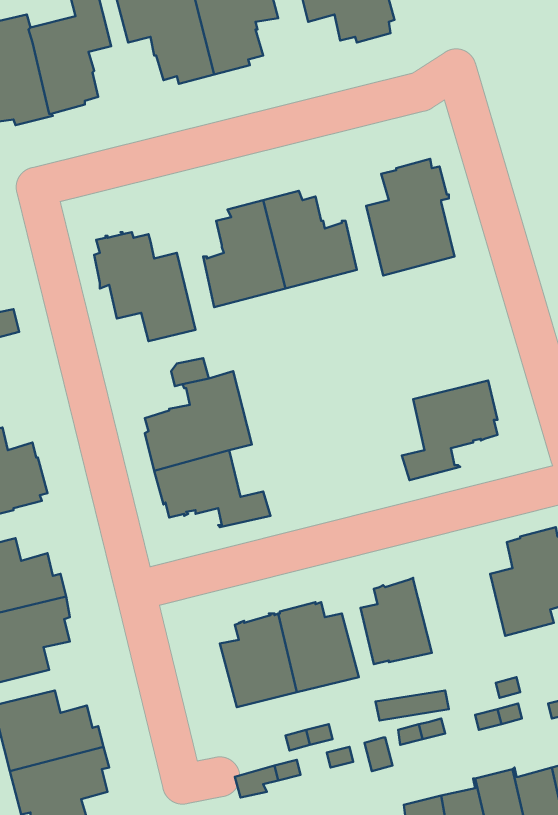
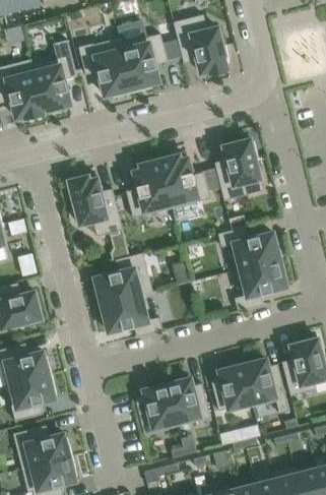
building: none -> [217,227,280,267]
building: none -> [240,358,288,413]

